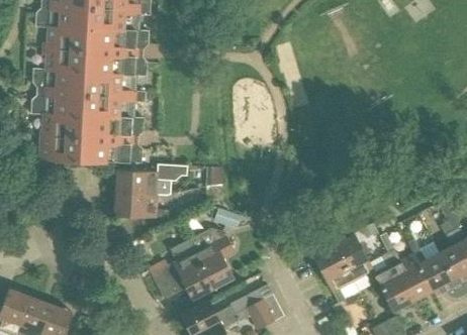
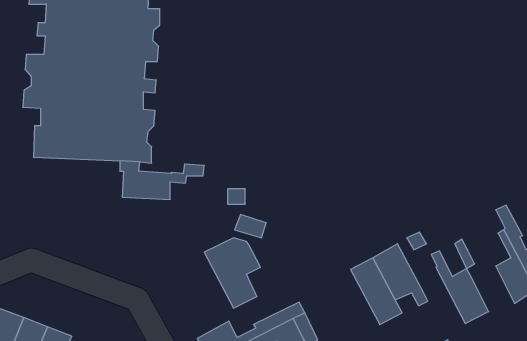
building: [114,193,169,218] -> none
building: [150,240,211,299] -> none
building: [417,252,454,296] -> none
building: [375,253,411,312] -> none

